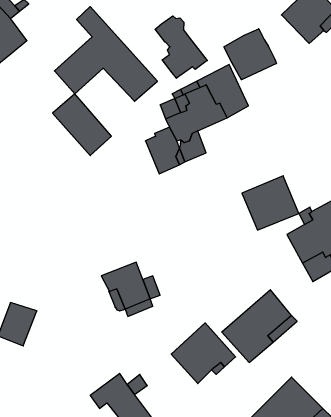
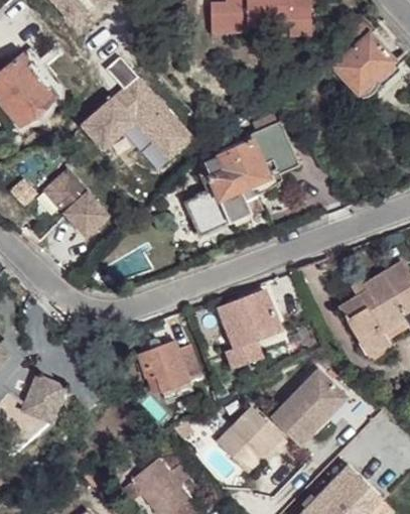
building: [155,16,207,78] -> none
building: [224,29,276,80] -> none
building: [53,94,111,156] -> [41,168,106,236]
building: [242,176,299,230] -> [217,290,279,350]

